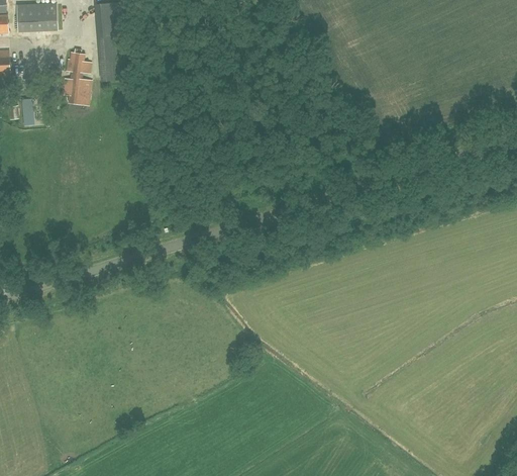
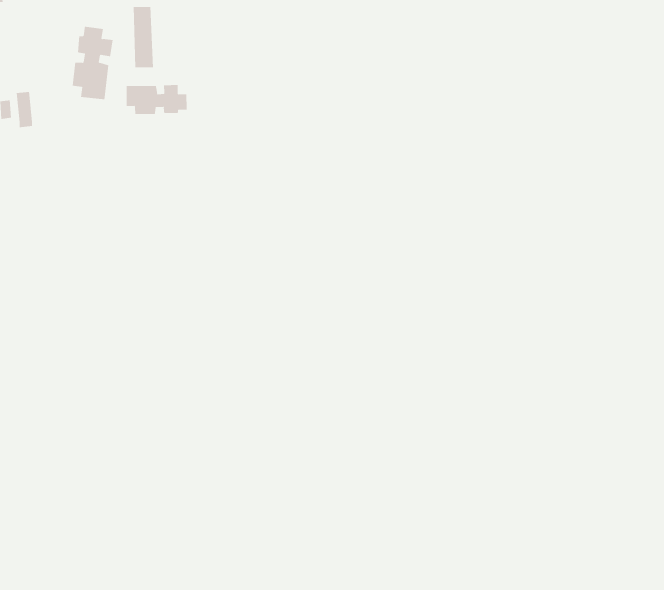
building: none -> [126,84,187,115]

